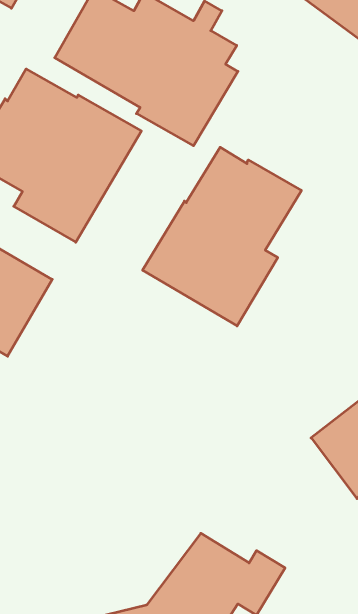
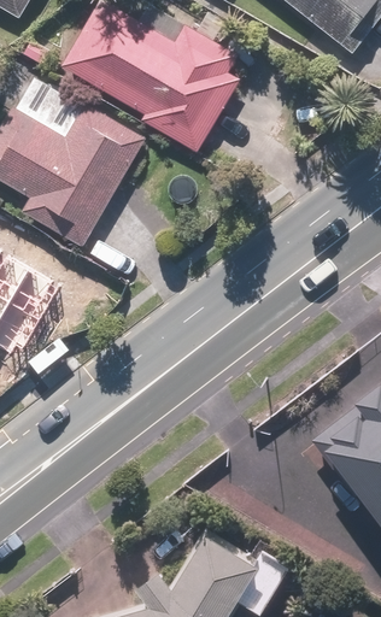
building: [143,147,301,326] -> none

